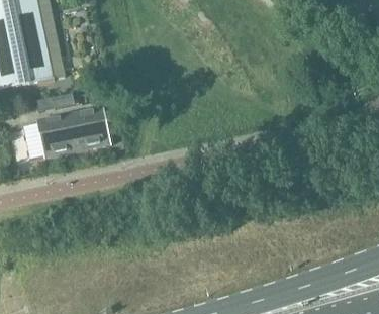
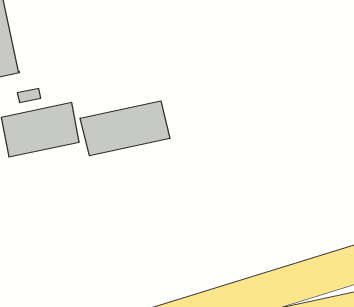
building: none -> [80,101,170,156]

